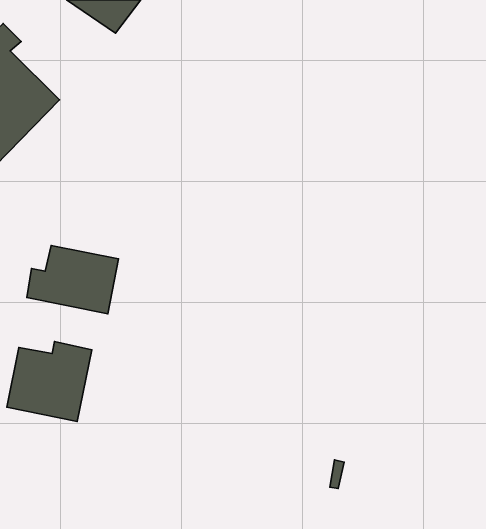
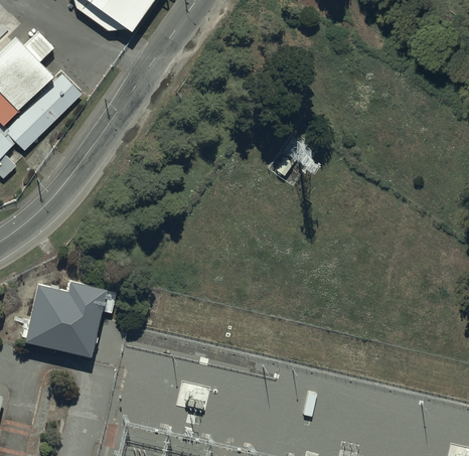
building: [27,246,119,314] -> none

